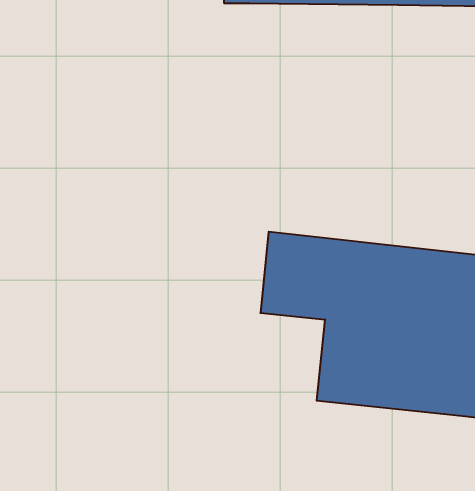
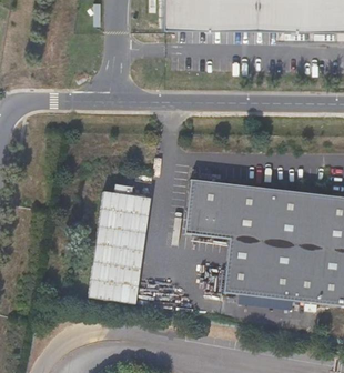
building: none -> [87,193,150,305]

